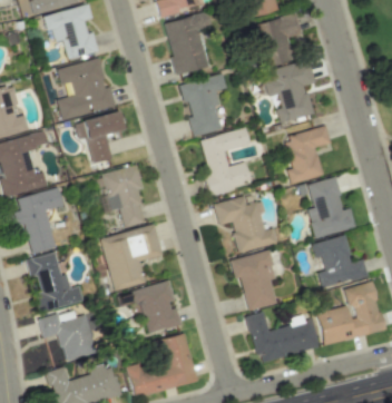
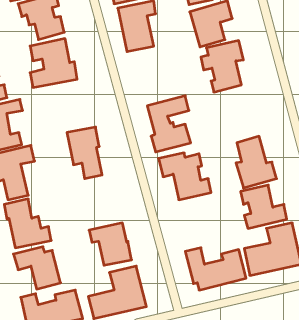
building: [178,73,225,136] -> none
building: [77,110,121,163] -> none
building: [284,126,330,184] -> none
building: [100,224,161,291] -> none
building: [229,249,276,309] -> none

